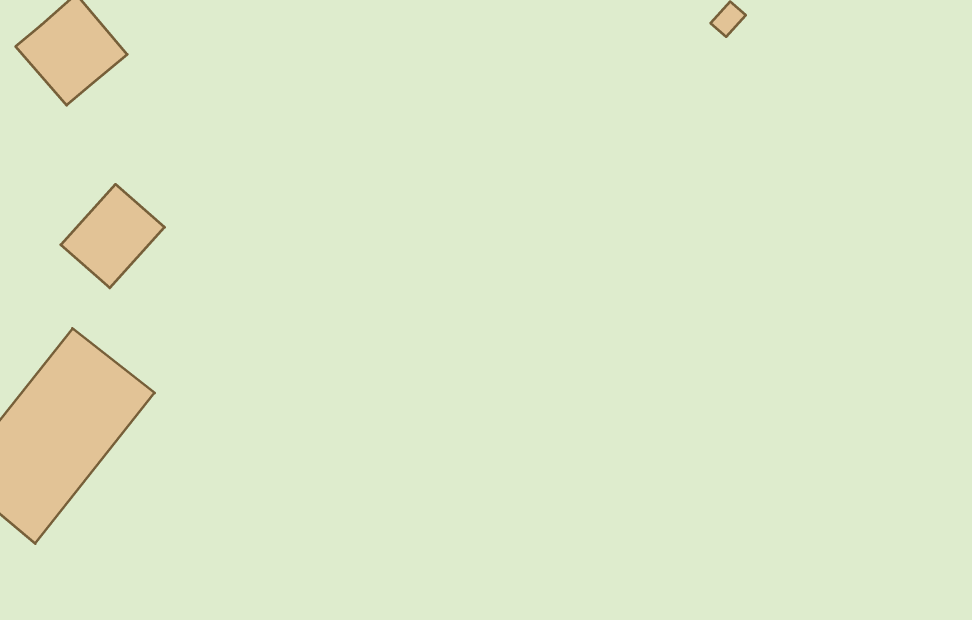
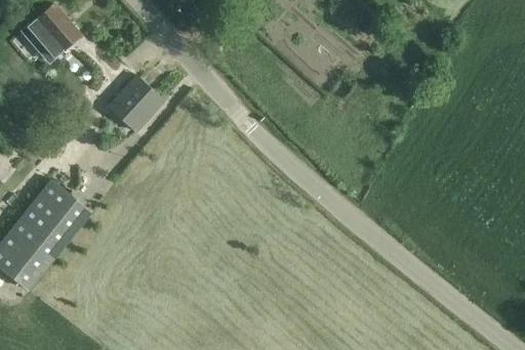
building: [61,184,165,288] -> [107,76,161,130]

